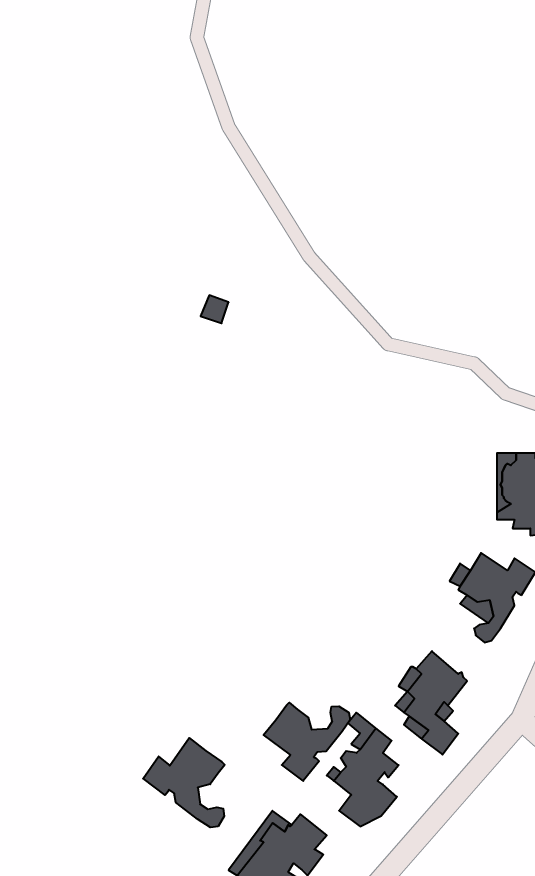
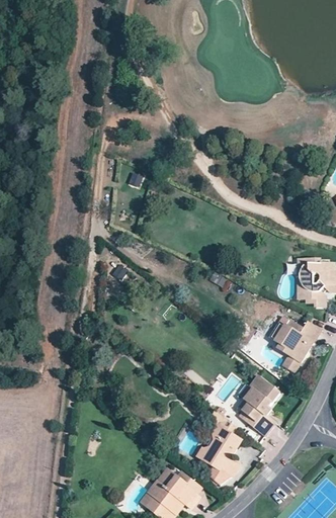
building: [264,703,350,781] -> none
building: [143,738,225,827] -> none

